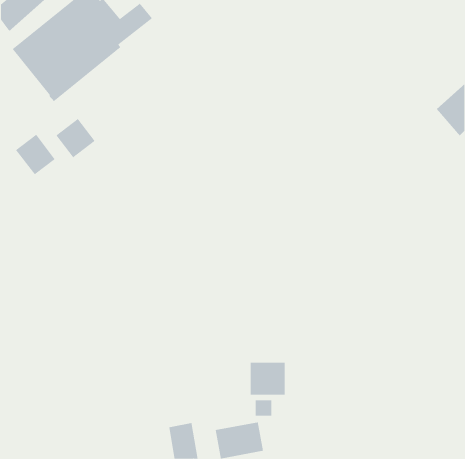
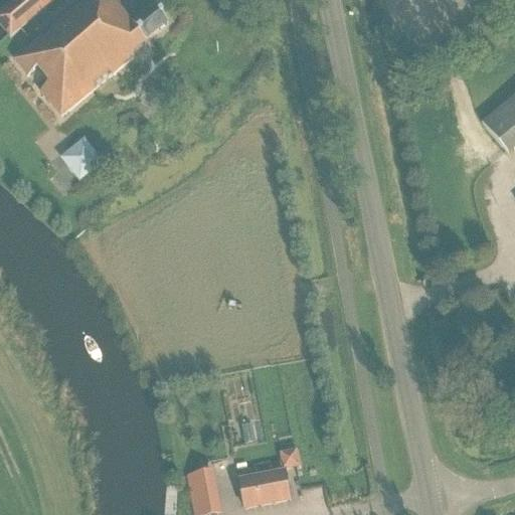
building: [15,134,56,175] -> none
building: [250,362,285,395] -> none

